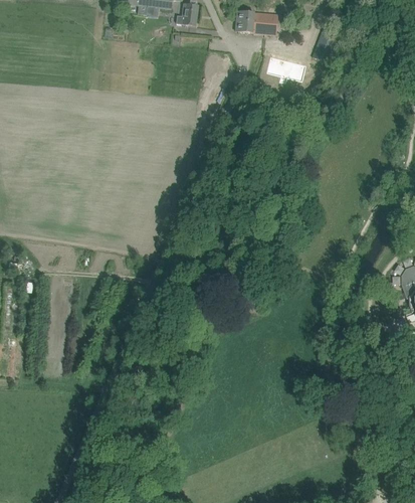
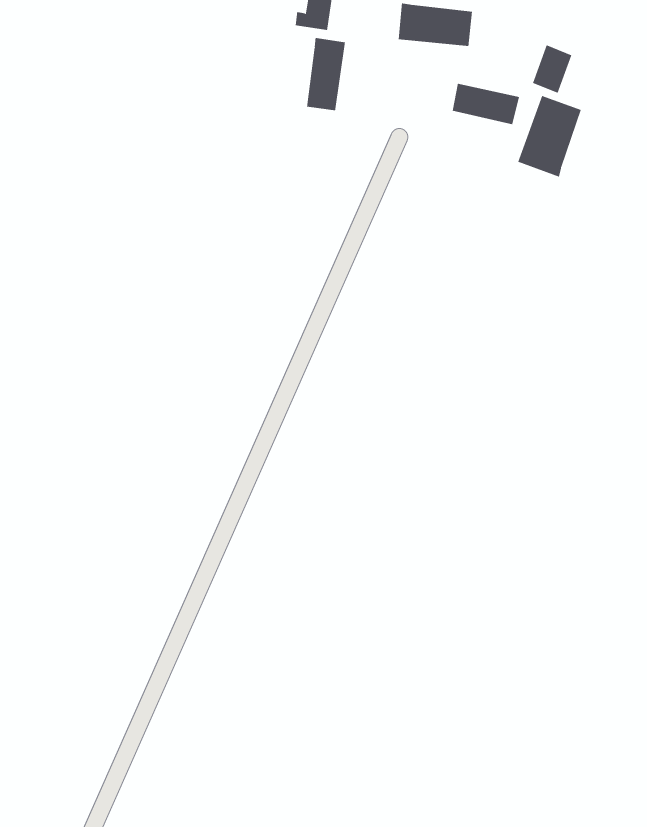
building: none -> [307,37,345,111]
building: none -> [517,95,582,177]

